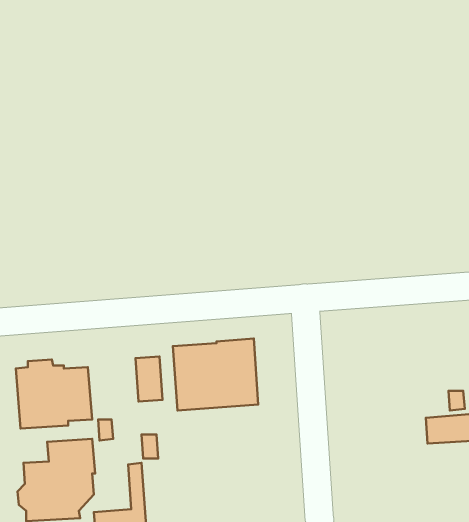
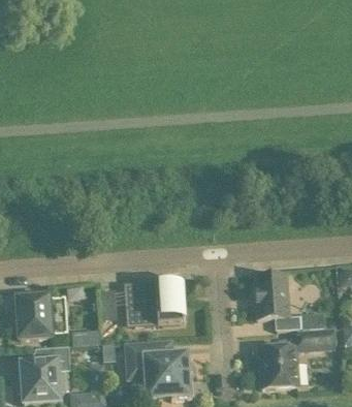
building: none -> [255,273,300,327]
building: none -> [127,345,192,398]
building: none -> [259,345,298,386]

